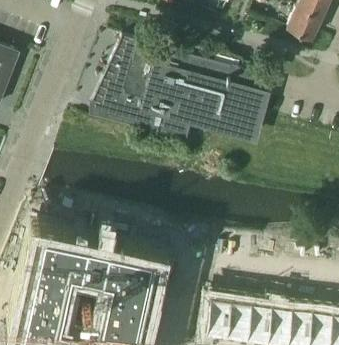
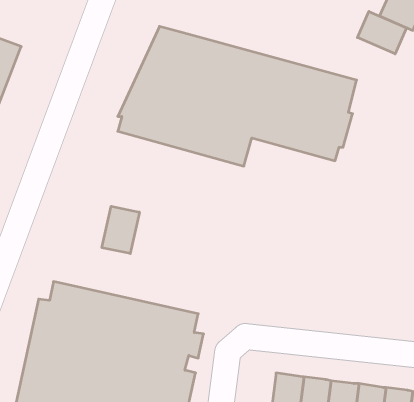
building: none -> [357,11,407,54]
building: none -> [102,206,139,254]

